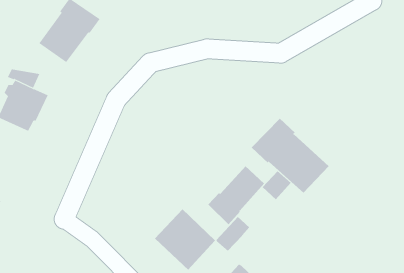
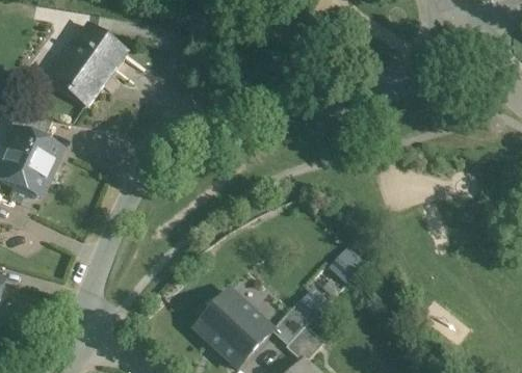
building: [251,118,329,194] -> none
building: [208,165,265,225] -> none
building: none -> [286,323,323,361]

